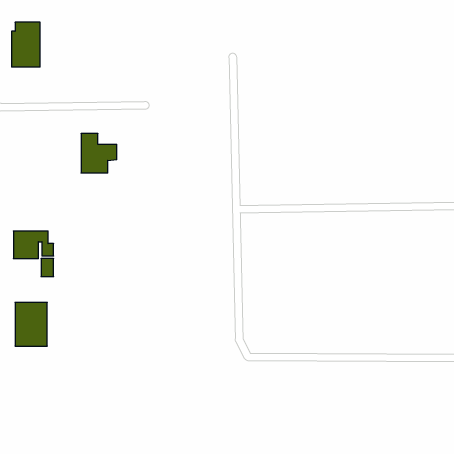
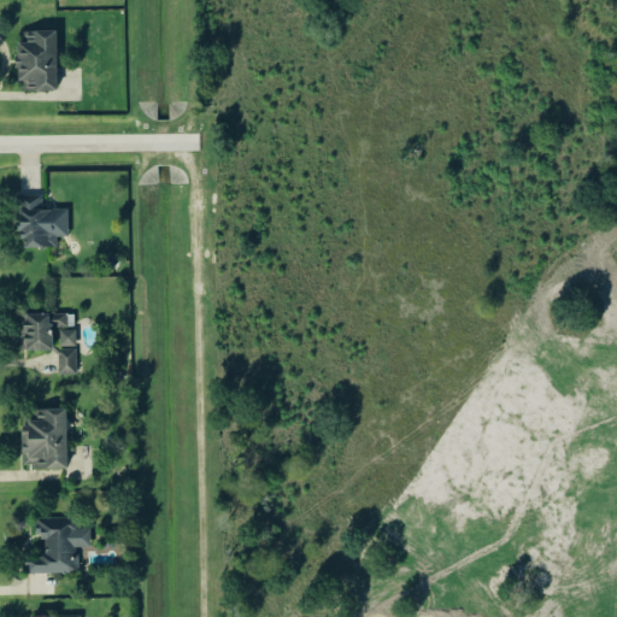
building: [81,134,117,173] -> [19,194,67,247]
building: none -> [25,517,77,572]

